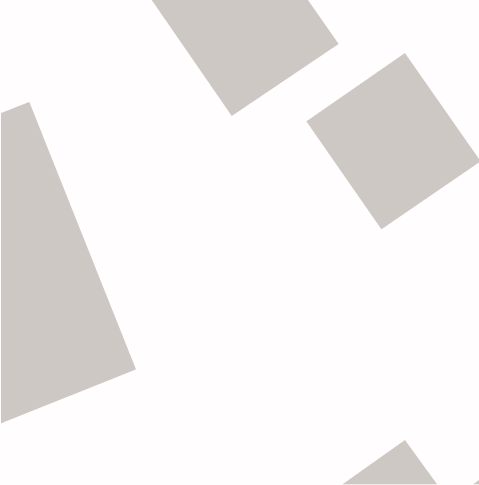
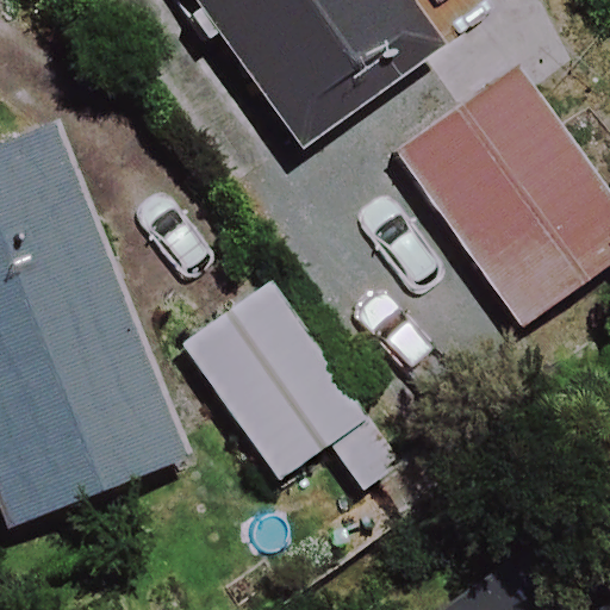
building: none -> [186,281,368,481]

